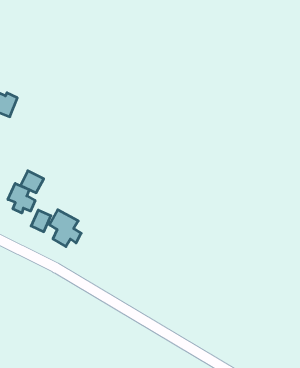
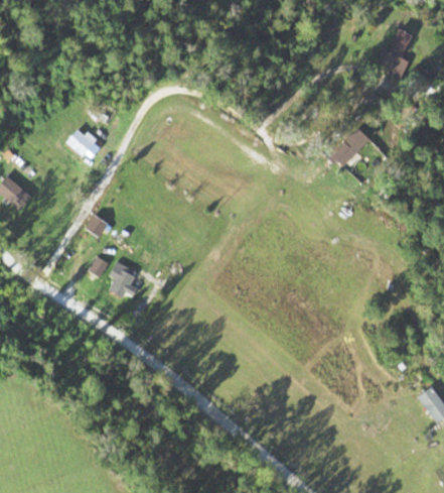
building: none -> [330,127,371,167]
building: [8,183,35,213] -> none

